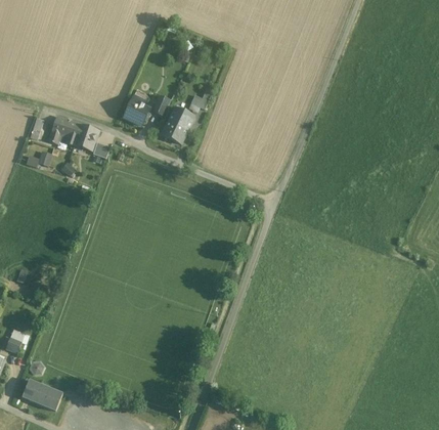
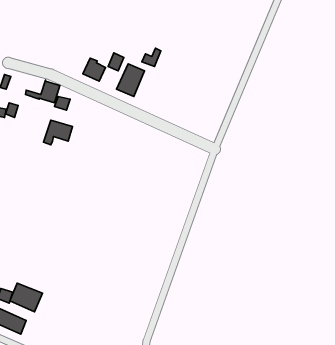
building: [49,117,82,144] -> [44,120,73,145]
building: none -> [10,283,43,312]

